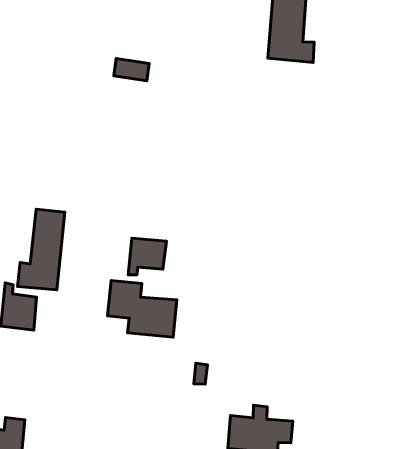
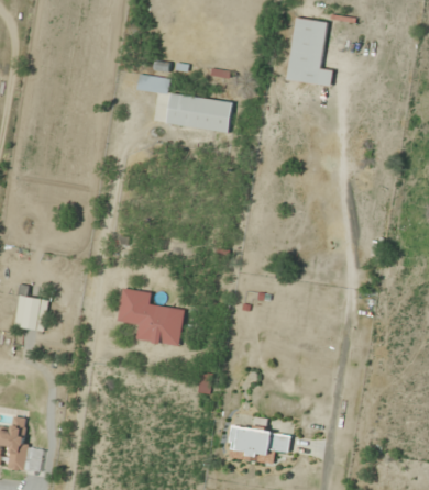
building: none -> [165,93,232,133]
building: [17,209,65,290] -> none
building: [128,238,166,275] -> none

